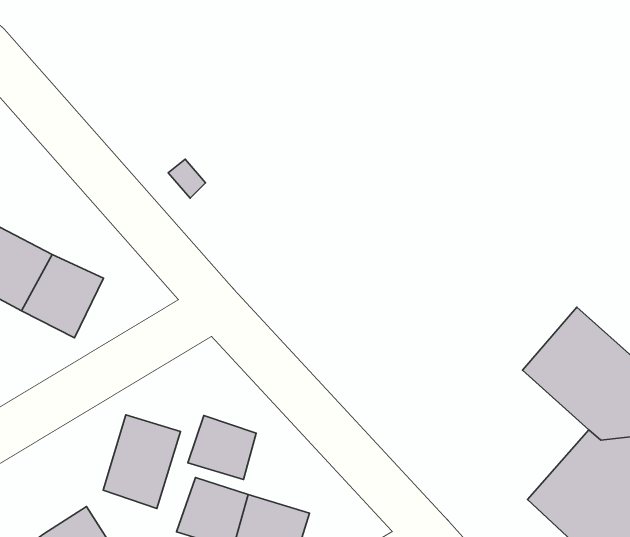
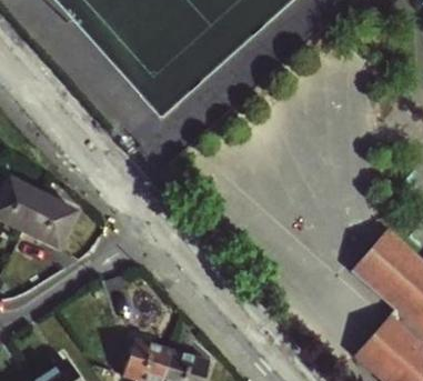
building: [103,415,180,508] -> none
building: [188,416,256,480] -> none

